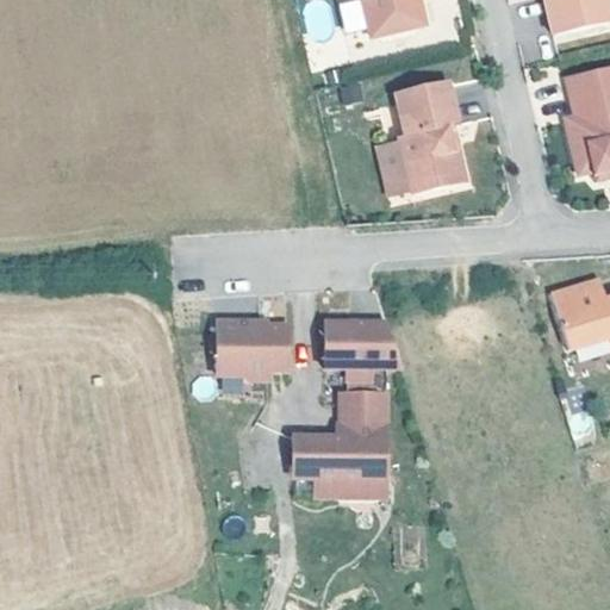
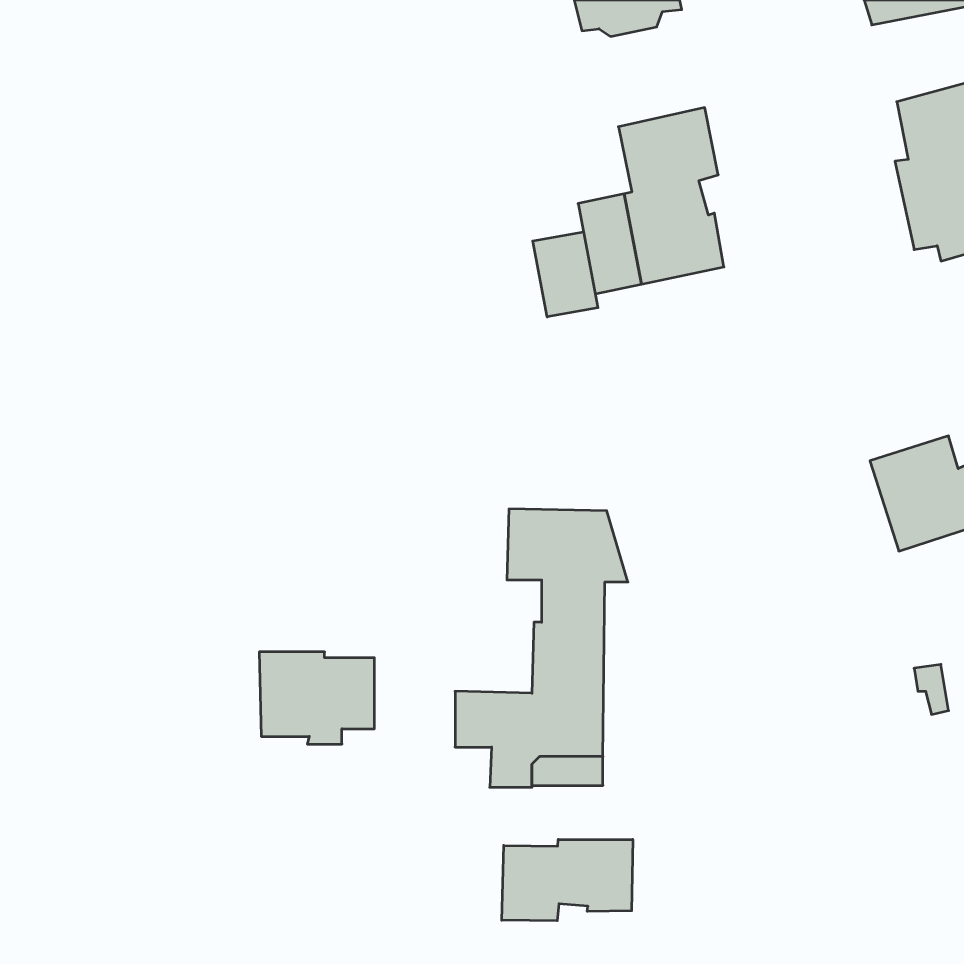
building: none -> [533,232,598,317]
building: [217,319,288,376] -> [259,652,374,744]
building: none -> [502,839,633,921]

